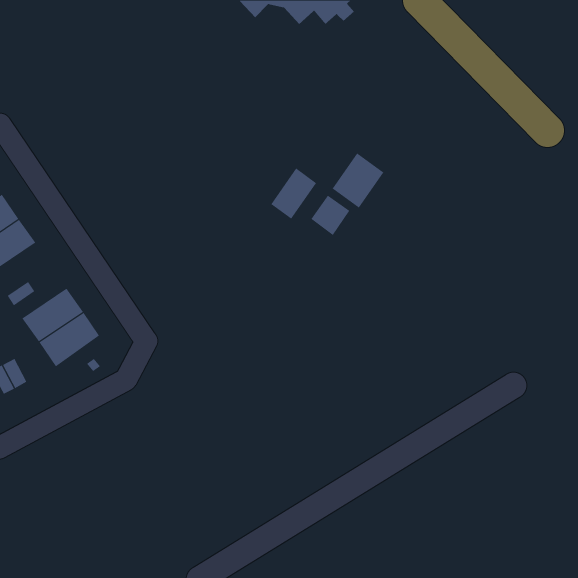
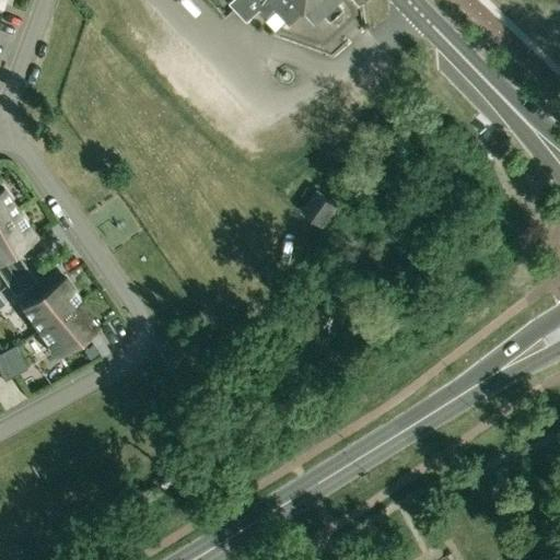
building: [332,152,384,209] -> none
building: [270,168,317,220] -> none

